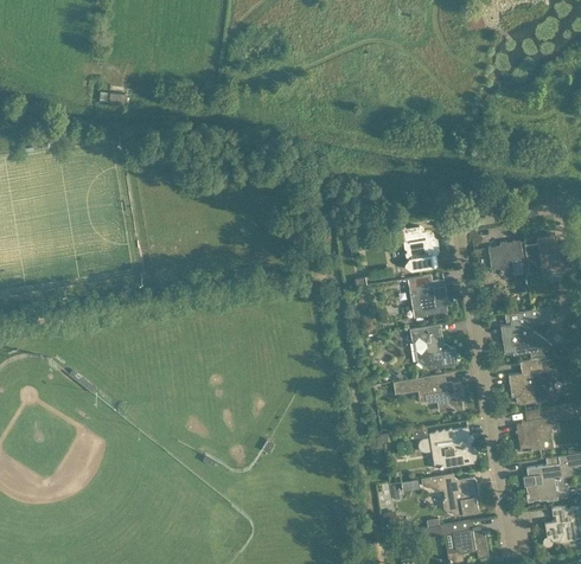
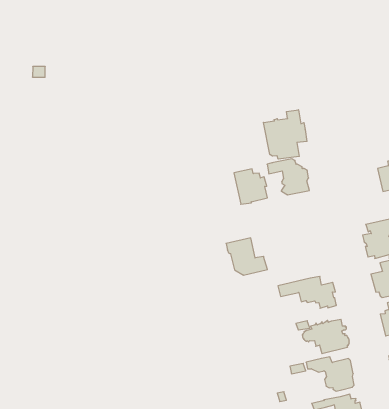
building: none -> [263,110,307,159]
building: [487,239,526,281] -> none
building: [408,275,447,318] -> [234,169,267,204]
building: [409,323,458,368] -> [226,238,267,275]

